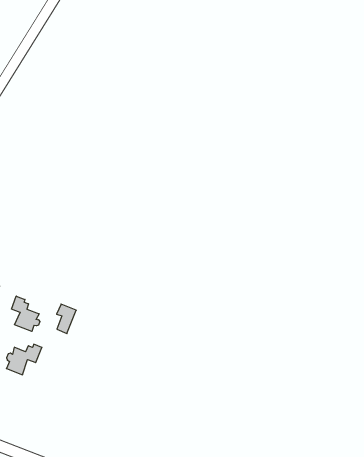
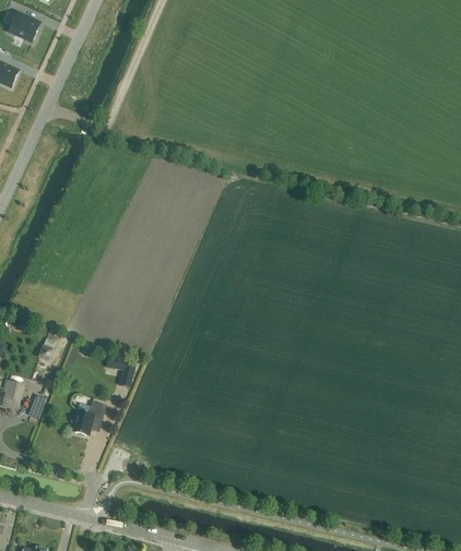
building: [11,296,40,331] -> none

